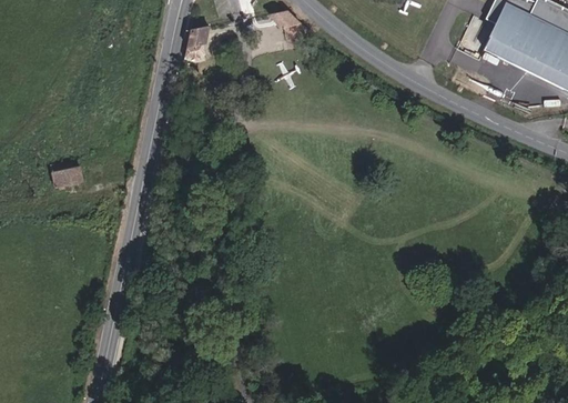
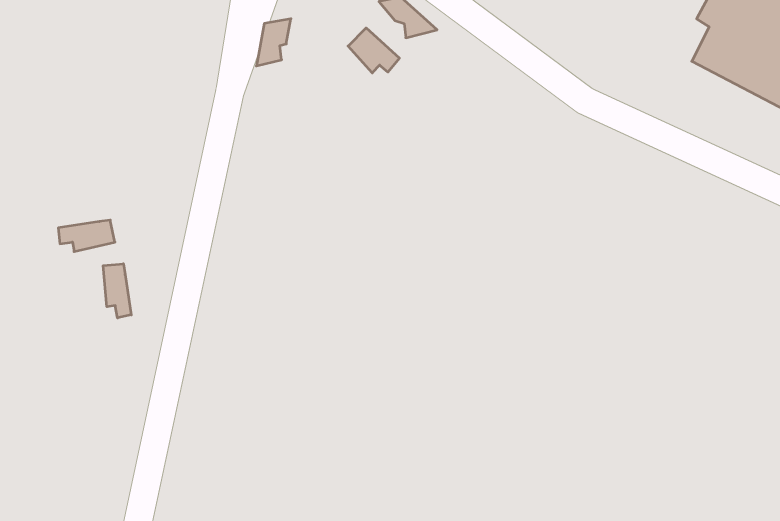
building: none -> [348,28,399,73]
building: none -> [103,264,131,318]

